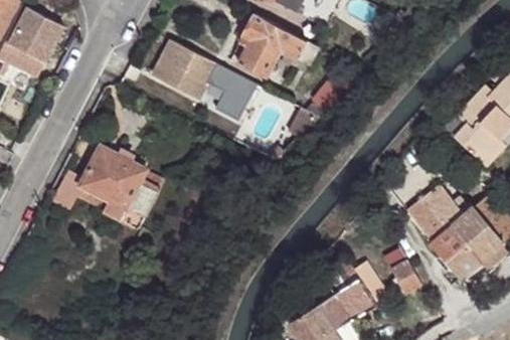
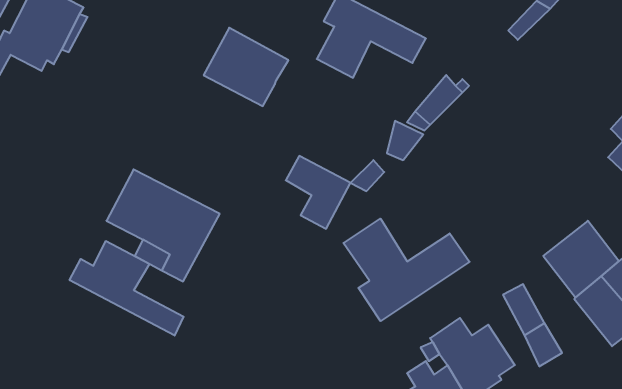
building: [206,64,254,119] -> [286,156,350,229]
building: none -> [343,219,470,321]
building: none -> [70,241,184,336]

